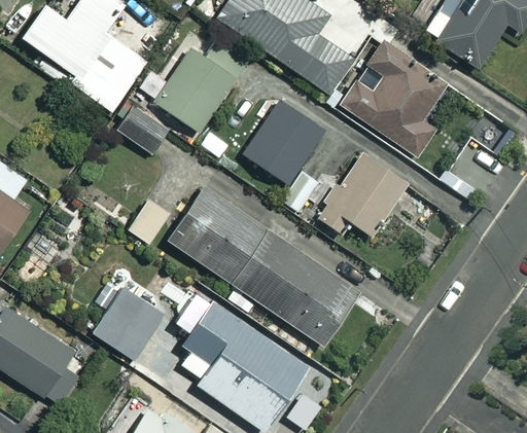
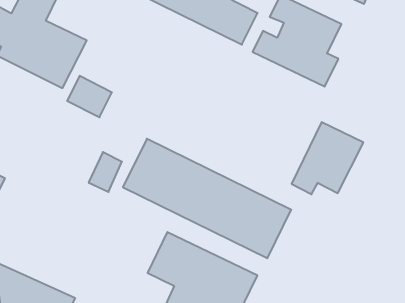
building: [154,41,249,128] -> none
building: [242,99,324,184] -> none
building: [317,150,408,236] -> [292,122,363,194]
building: [93,287,164,359] -> none

